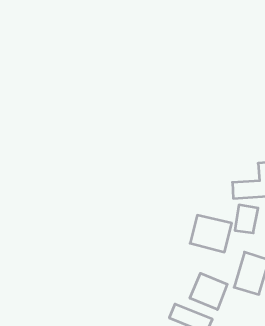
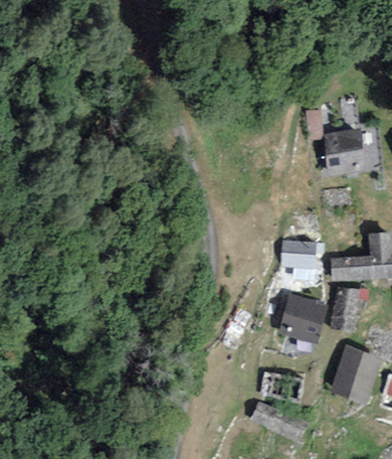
building: none -> [323,130,367,167]
building: none -> [278,245,317,268]
building: [190,273,227,310] -> none

